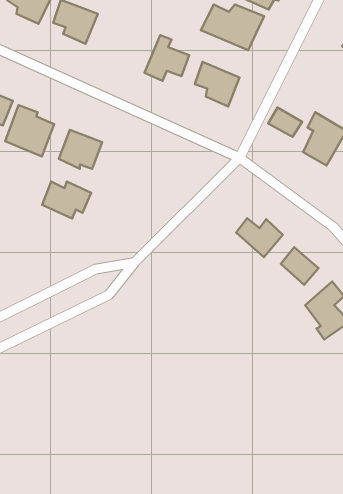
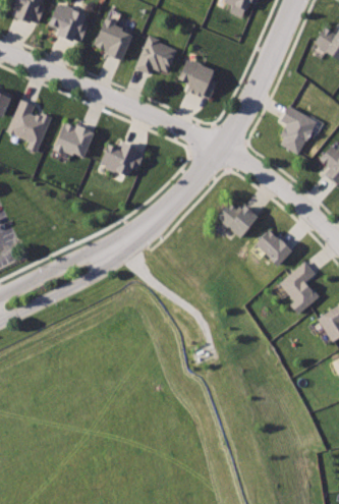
building: [201,5,264,50] -> none
building: none -> [93,17,131,59]
building: [268,107,302,137] -> none
building: [42,182,91,218] -> [101,143,146,176]

